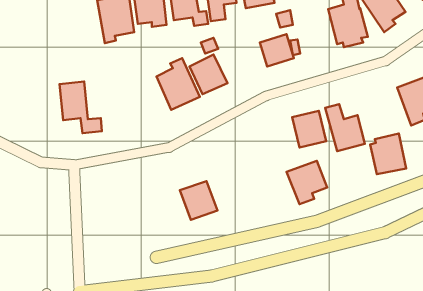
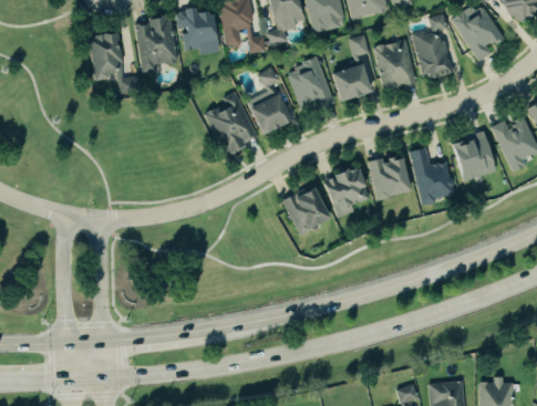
building: none -> [373,39,416,90]
building: none -> [287,59,333,111]
building: [59,81,102,133] -> [90,32,141,94]
building: [370,133,406,174] -> [450,132,493,180]
building: [286,161,327,204] -> [321,166,370,218]
building: [180,181,218,220] -> [283,186,329,232]

